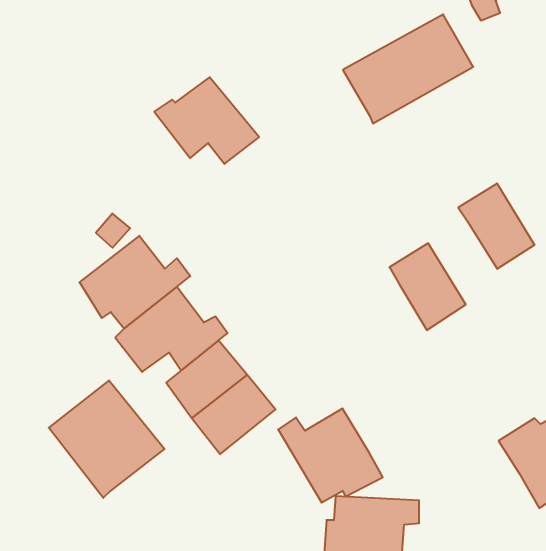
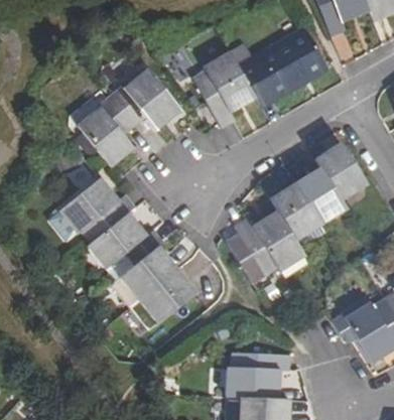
building: none -> [193,51,256,128]
building: none -> [78,94,135,167]
building: none -> [295,167,347,224]
building: [49,380,164,498] -> none
building: [278,408,383,503] -> [233,211,303,274]

